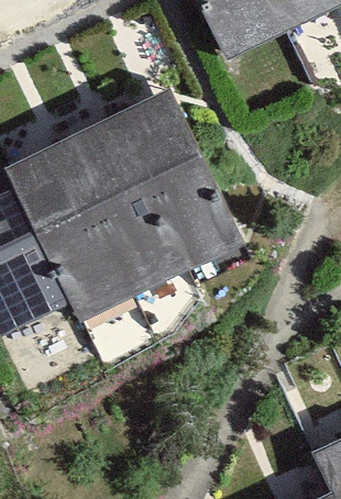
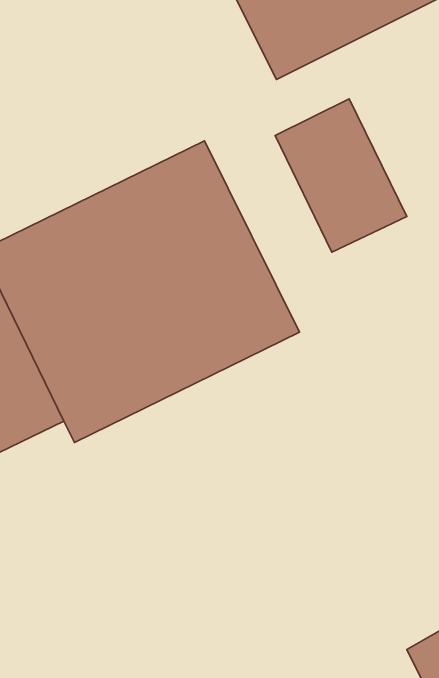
building: none -> [275,99,407,252]

